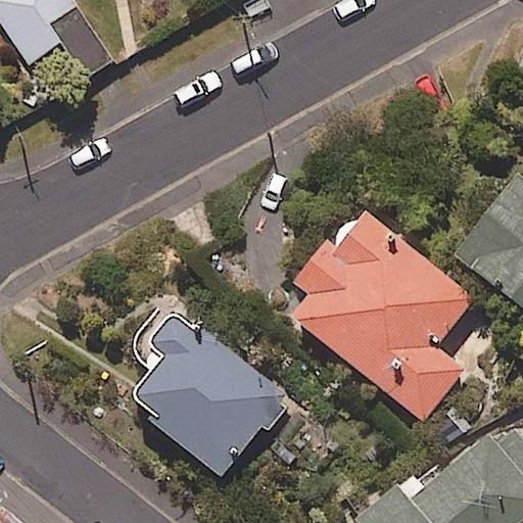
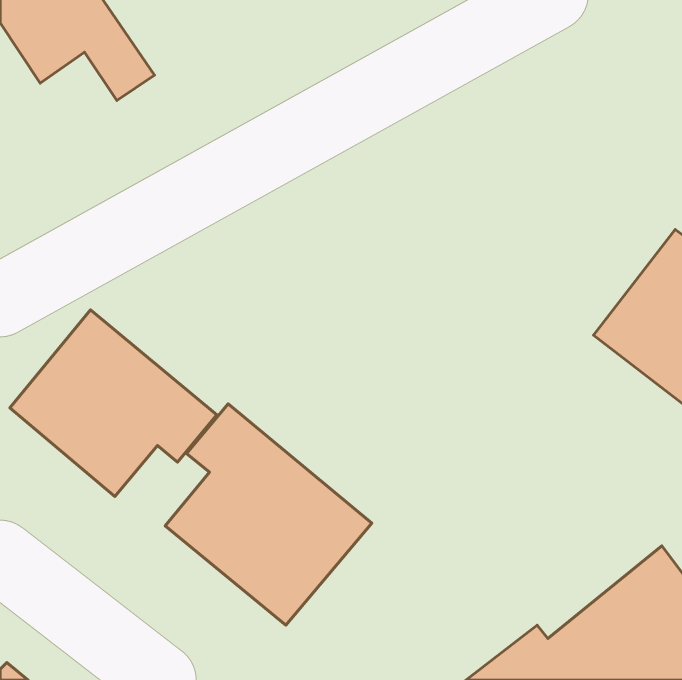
building: [291,211,473,424] -> none
building: none -> [10,310,217,496]

